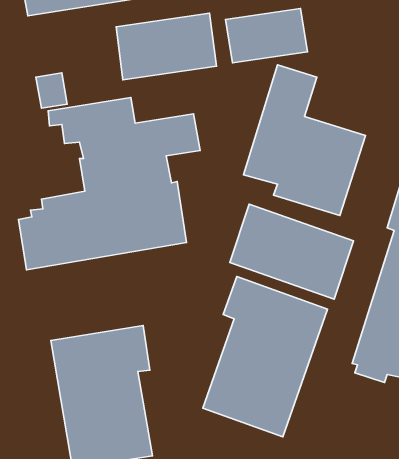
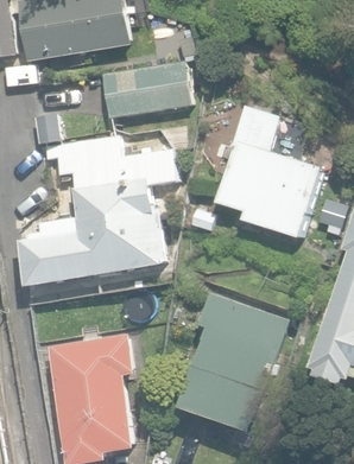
building: [225,8,308,63] -> none
building: [230,204,354,299] -> none

